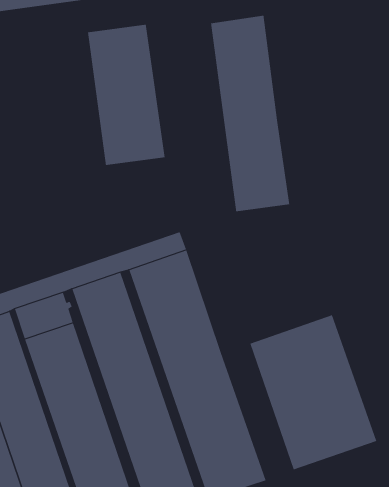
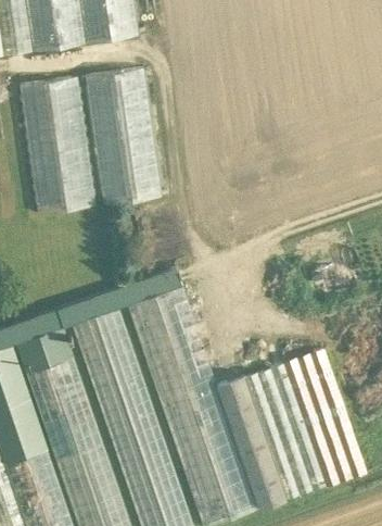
building: [211,15,290,212] -> none
building: none -> [20,75,95,213]
building: none -> [216,375,285,509]

